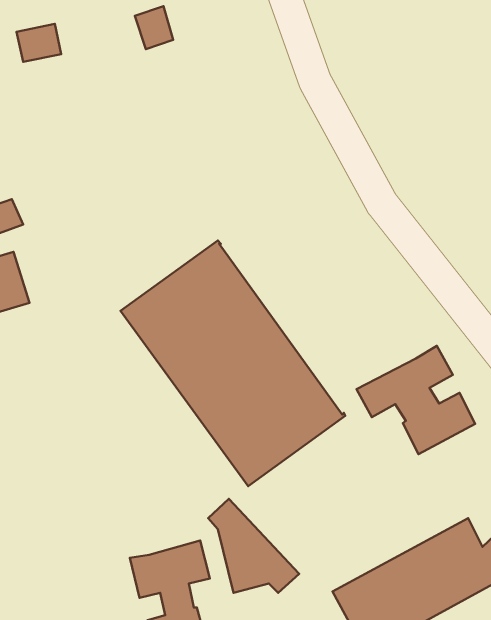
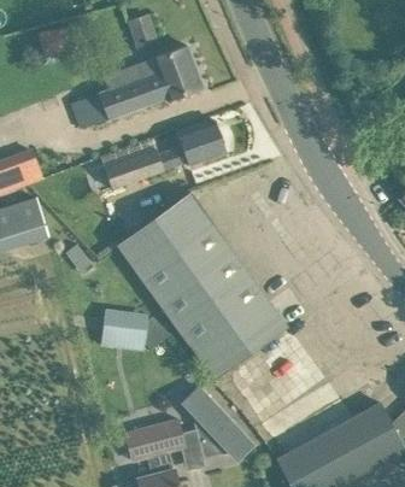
building: none -> [71,45,202,129]
building: none -> [104,119,227,188]
building: [357,346,475,454] -> none
building: none -> [104,312,145,341]

